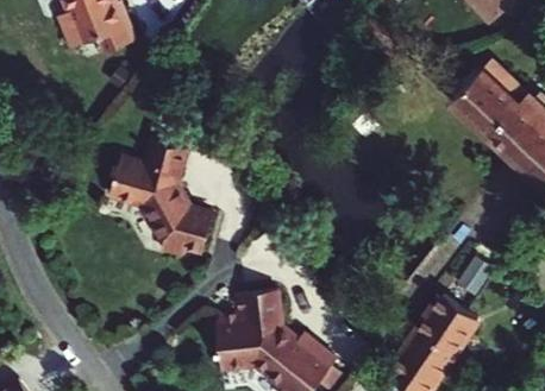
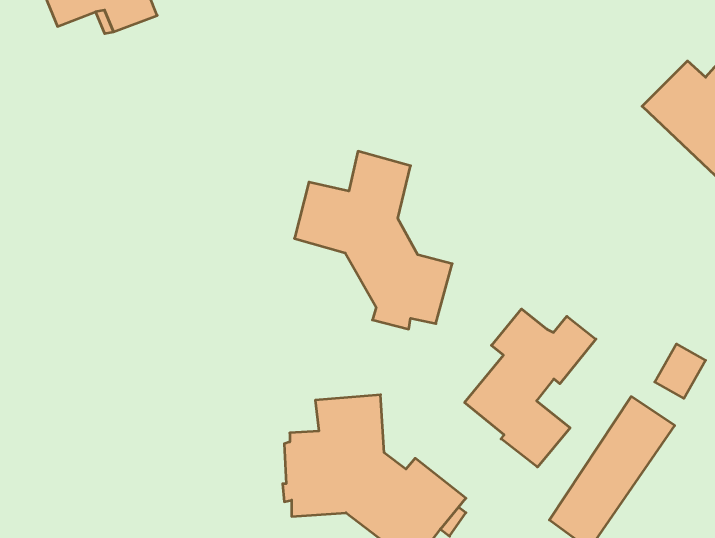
building: [111,140,214,257] -> [294,151,452,329]
building: none -> [465,309,596,467]

